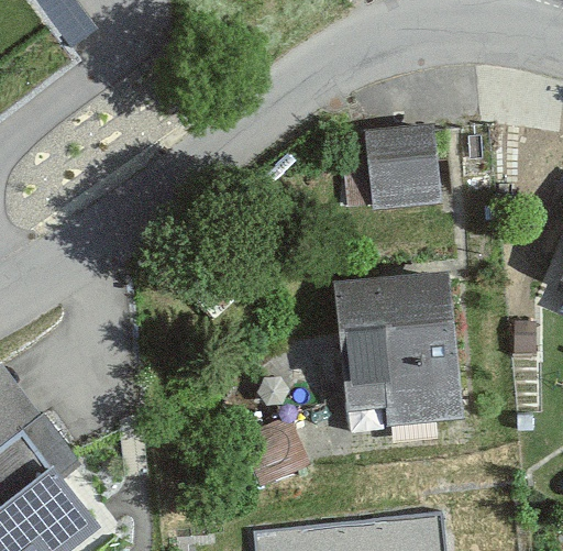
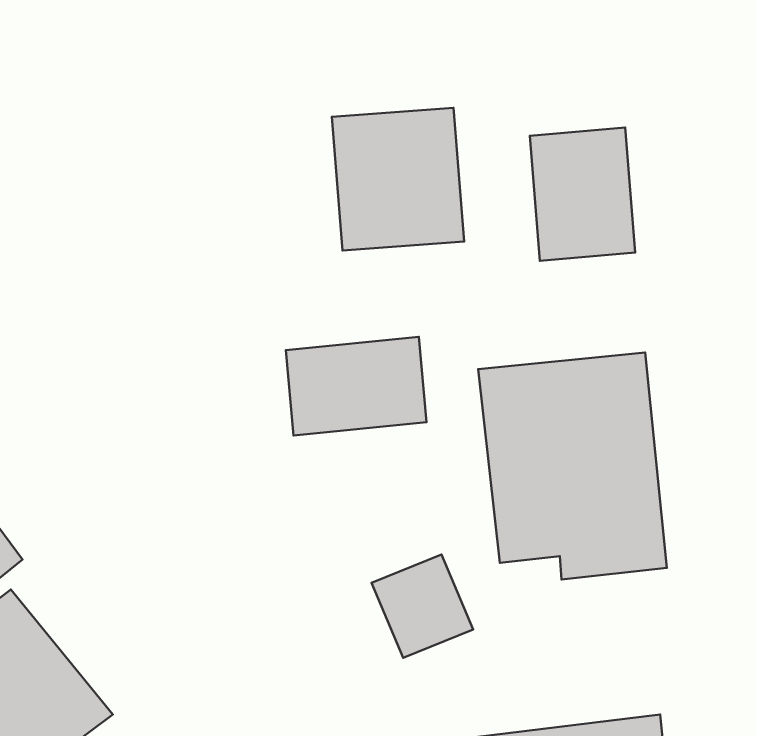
building: none -> [332,108,464,250]
building: none -> [286,337,427,435]

